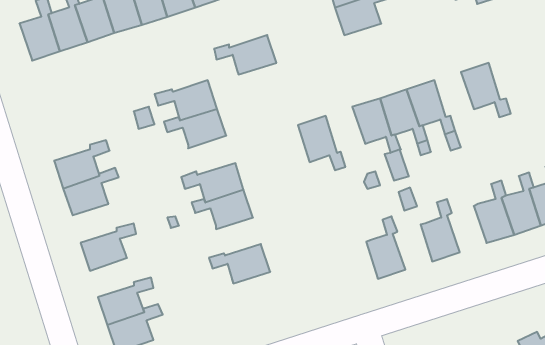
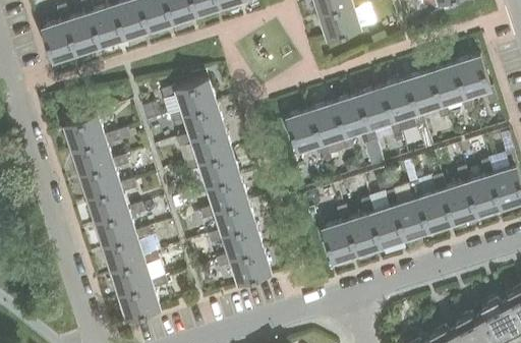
building: [214,35,276,74] -> [177,129,232,164]
building: none -> [455,57,497,106]
building: none -> [407,73,450,120]
building: none -> [311,104,353,152]
building: none -> [65,109,113,152]
building: none -> [418,176,453,232]
building: none -> [89,182,137,224]
building: none -> [370,192,405,247]
building: none -> [200,202,254,235]
building: none -> [323,209,357,264]
building: none -> [104,230,153,272]
building: none -> [216,249,271,285]

